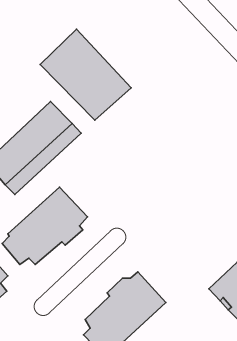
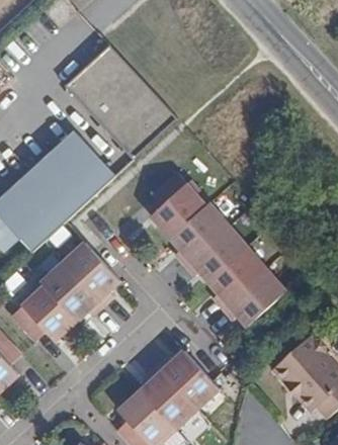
building: none -> [153,173,286,326]

